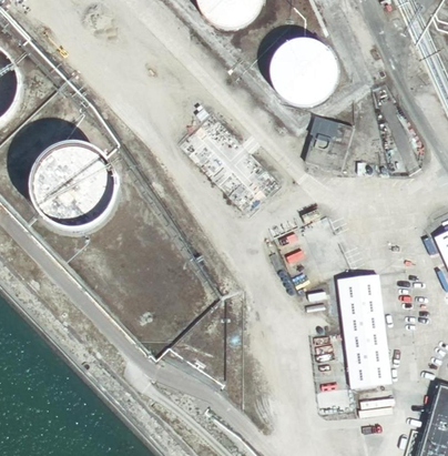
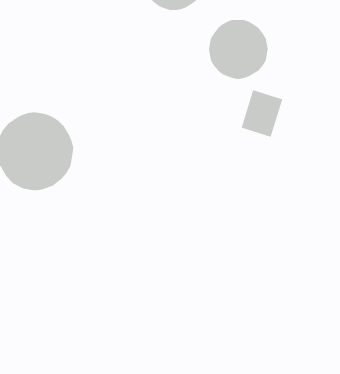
building: [336,273,390,386] -> none

